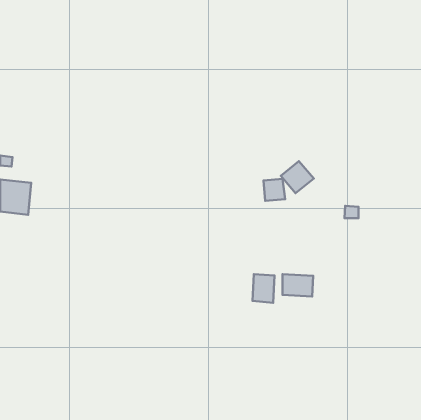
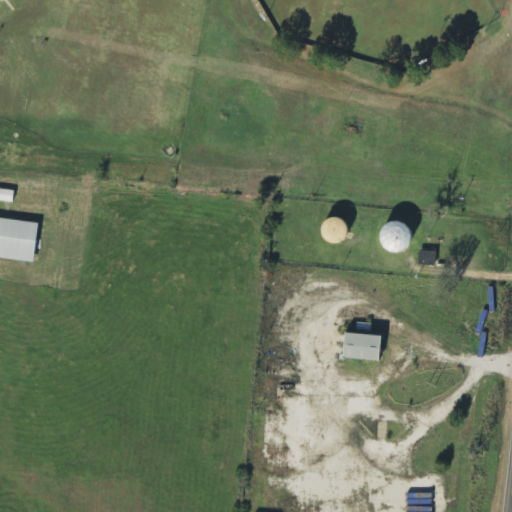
building: [281,161,314,193] -> [374,216,414,255]
building: [252,274,274,303] -> none

